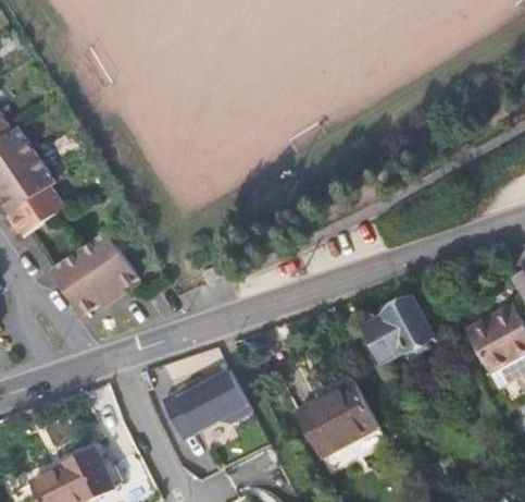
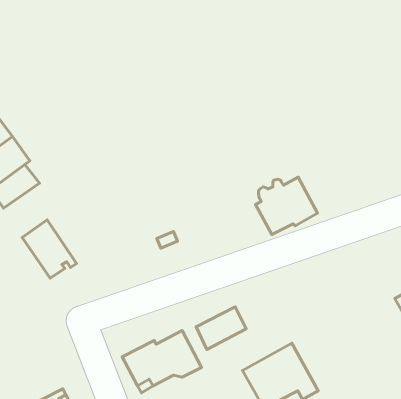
building: [77,228,137,296] -> none
building: [362,297,432,362] -> [255,177,318,235]
building: none -> [196,307,246,350]

